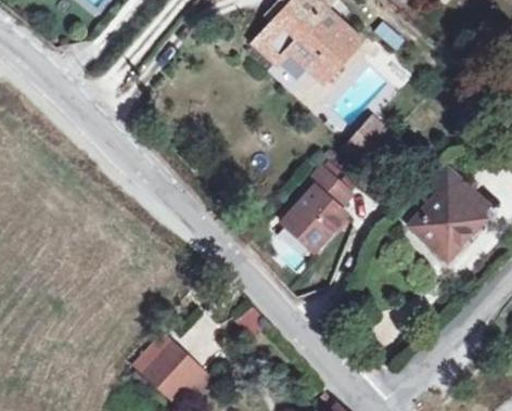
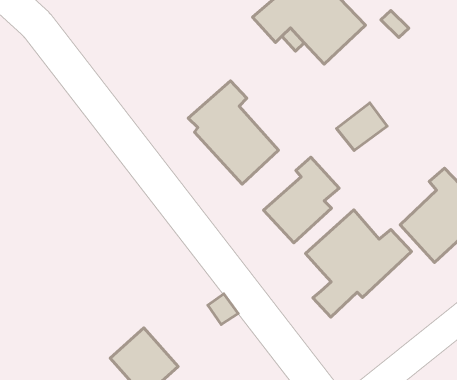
building: none -> [188,81,279,184]
building: none -> [305,210,411,317]

